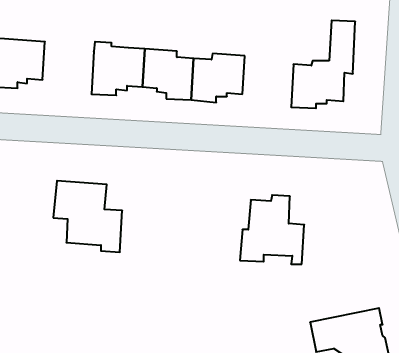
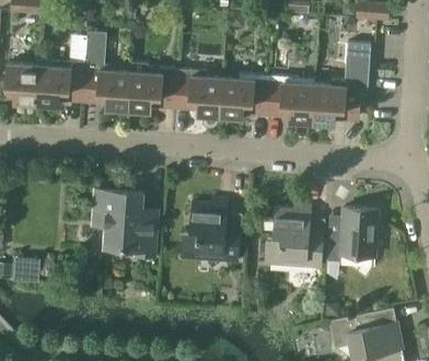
building: none -> [83,32,130,110]
building: none -> [267,75,314,123]
building: none -> [182,198,241,261]
building: none -> [326,208,378,261]

